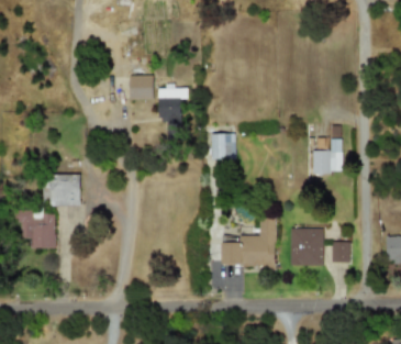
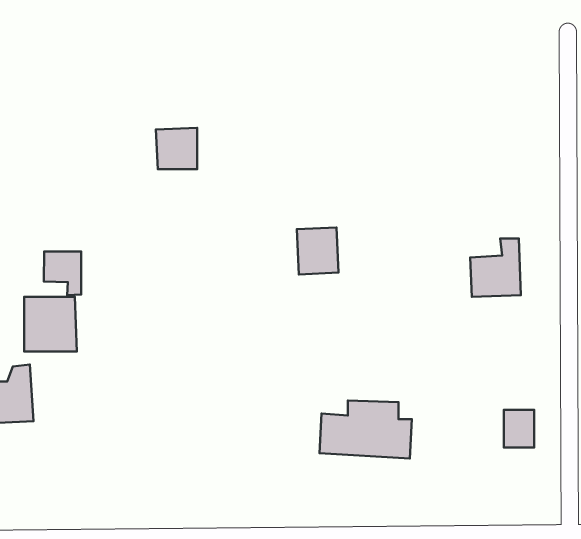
building: [158,88,187,121] -> none
building: none -> [44,251,81,295]
building: [290,226,325,267] -> none

